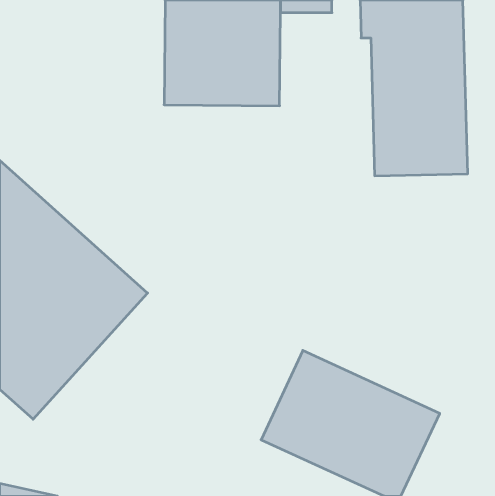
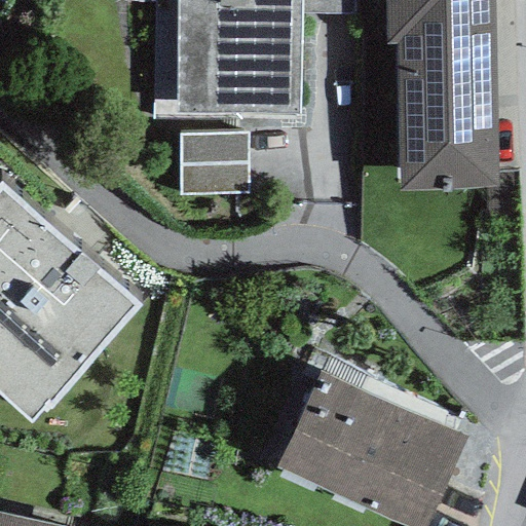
building: none -> [178,134,247,193]

